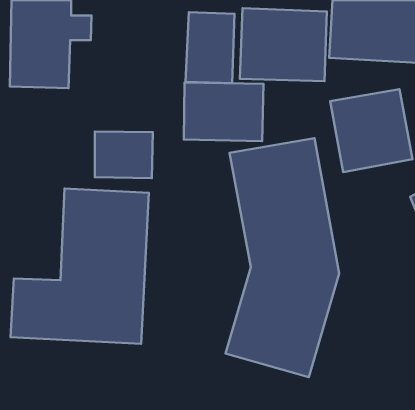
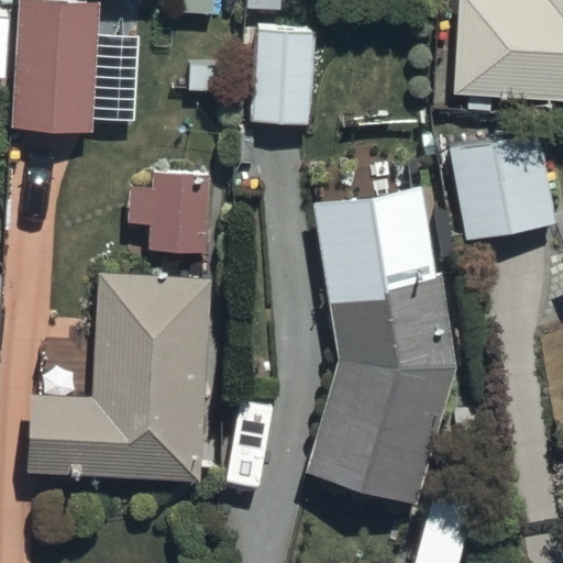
building: [240,8,327,81] -> none
building: [184,82,264,141] -> none

